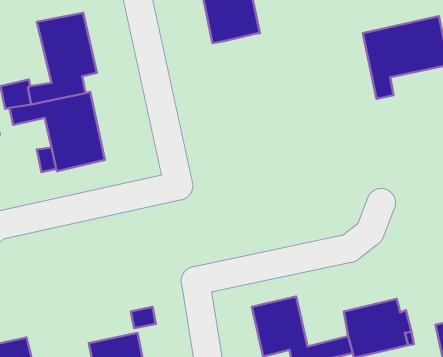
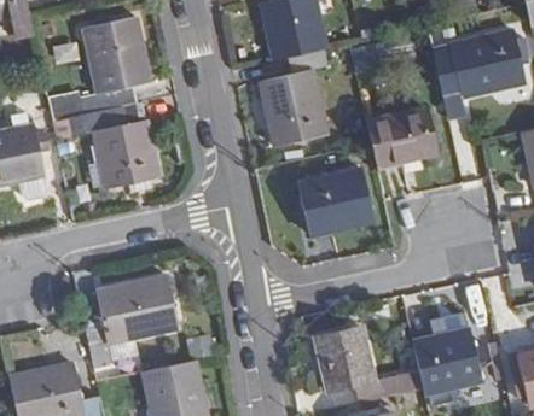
building: none -> [259,43,325,141]
building: none -> [367,102,436,160]
building: none -> [296,165,372,228]
building: none -> [81,279,176,368]

